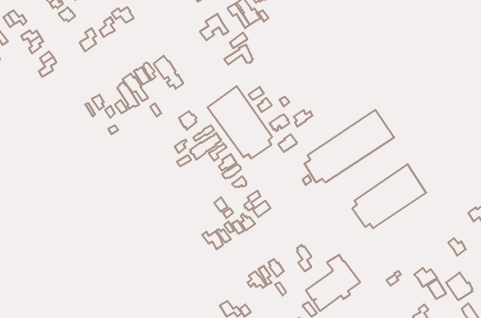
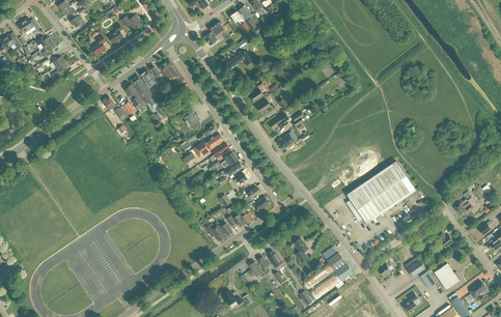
building: [208,86,272,159] -> none
building: [304,110,394,182] -> none

